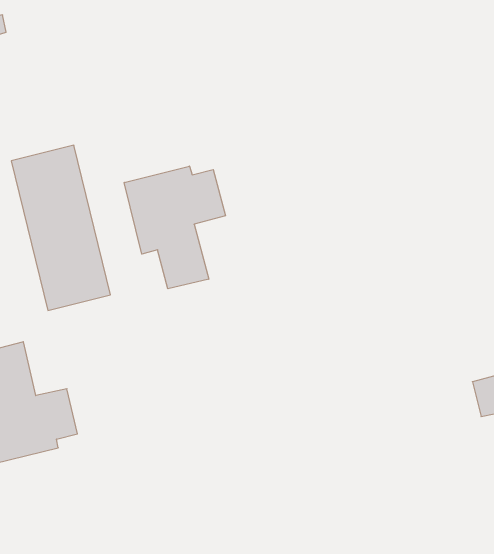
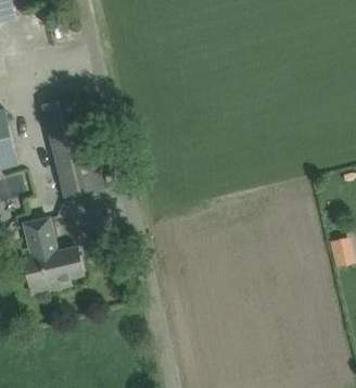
building: [124,166,225,289] -> none

